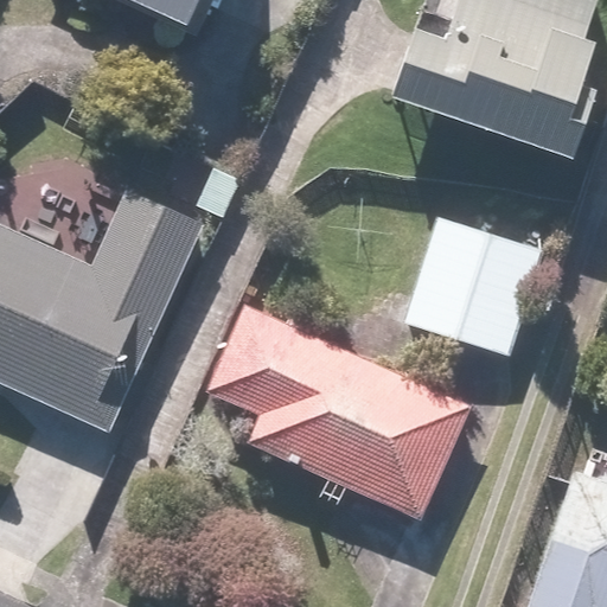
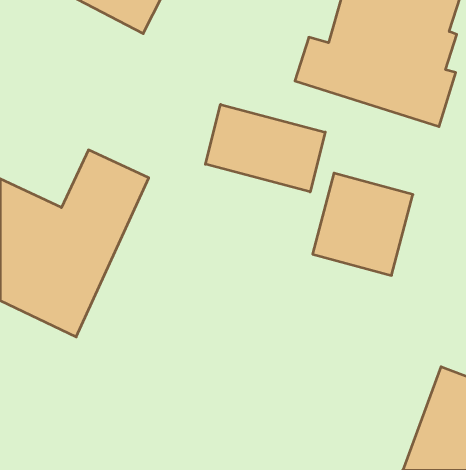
building: none -> [205,104,325,192]
building: [203,305,467,516] -> none

